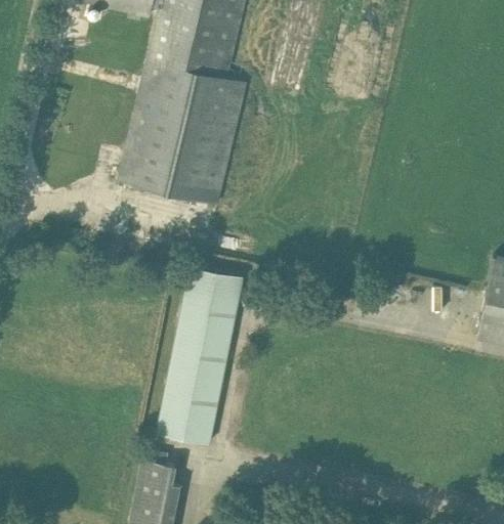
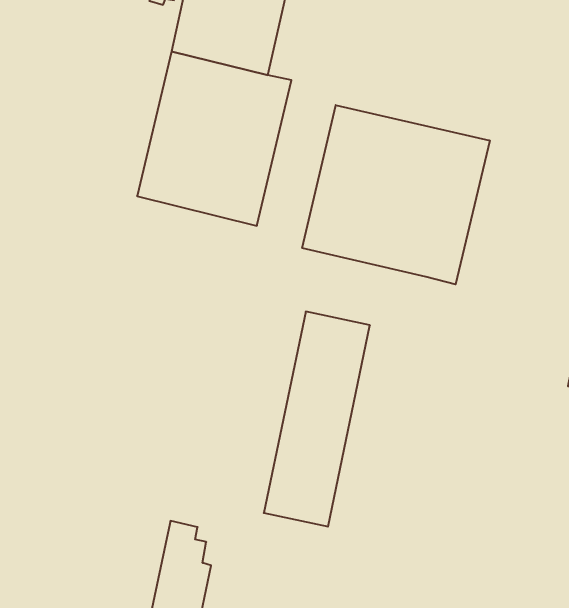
building: none -> [302,105,490,284]
building: [156,267,244,445] -> [264,312,370,527]

